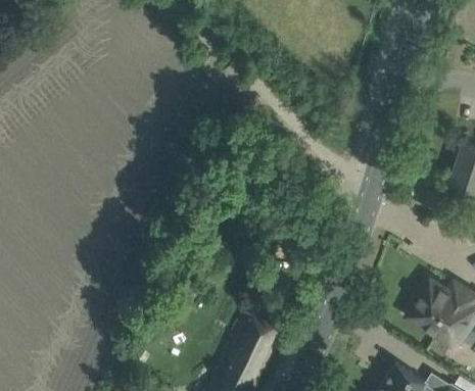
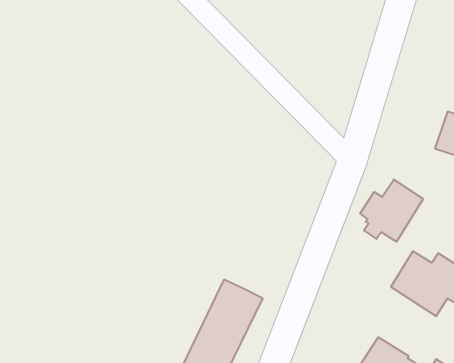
building: none -> [360,179,423,242]

